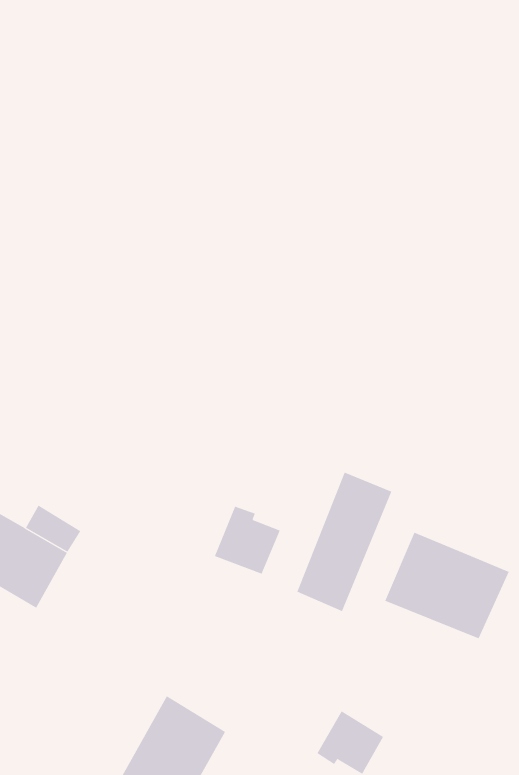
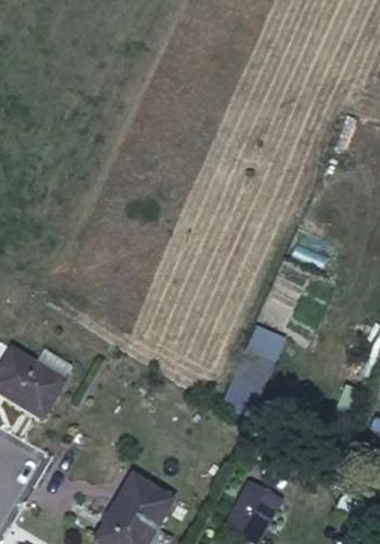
building: [214,506,281,574] -> none
building: [384,532,510,639] -> none

